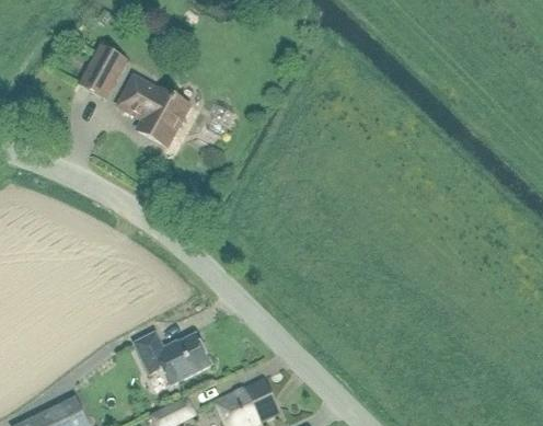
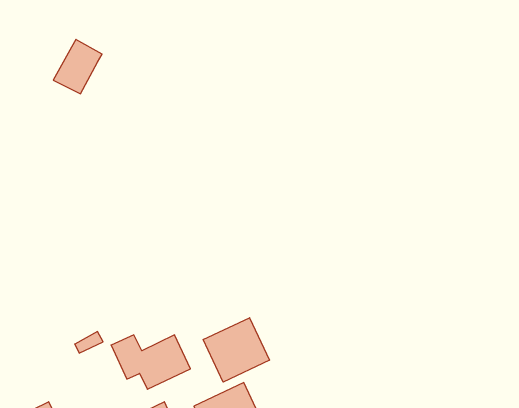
building: [118,77,188,146] -> none
building: none -> [203,318,269,382]

